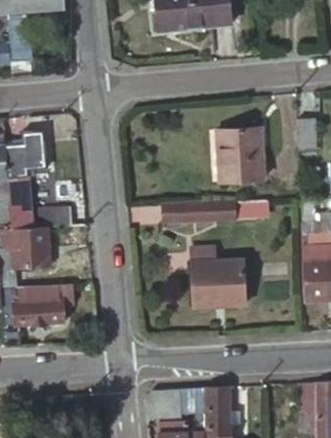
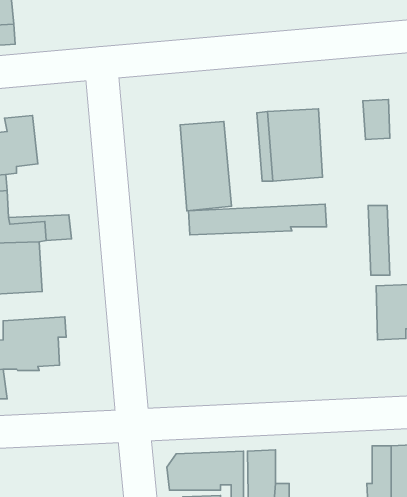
building: none -> [180,122,231,211]
building: [193,252,249,308] -> none

